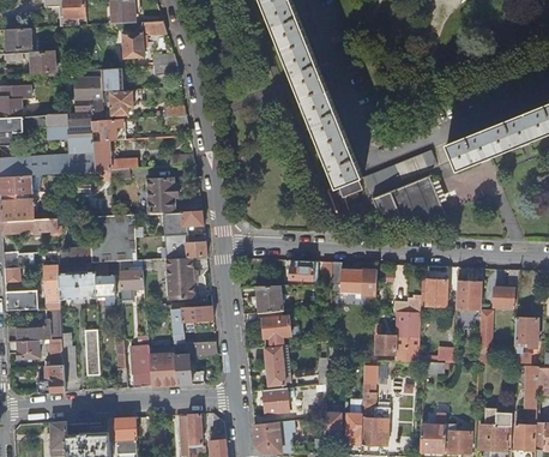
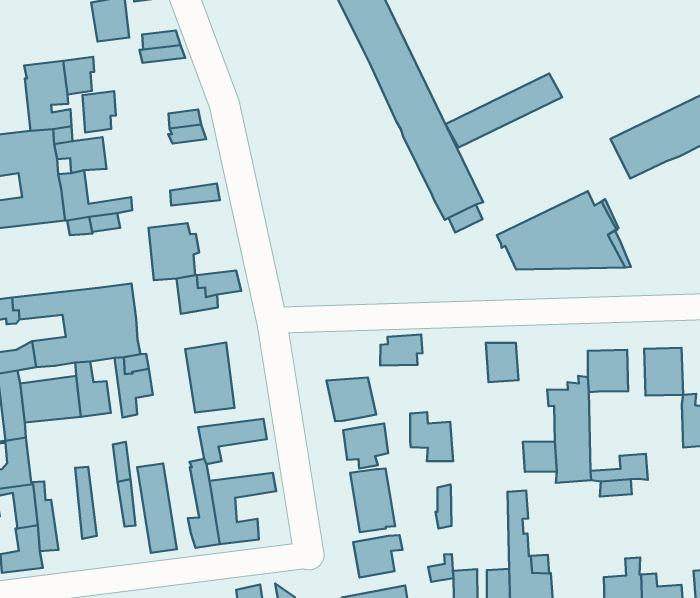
building: [361,151,436,194] -> [445,74,562,148]
building: [163,234,205,259] -> none
building: [330,261,356,294] -> [410,412,453,461]

